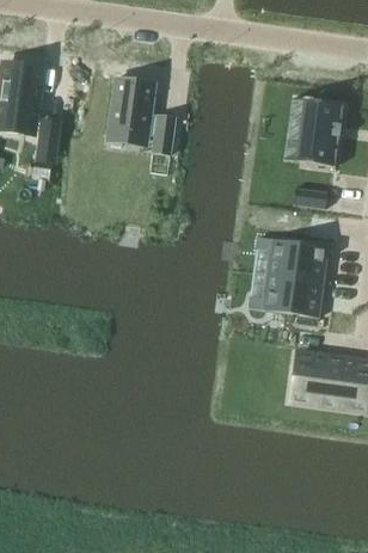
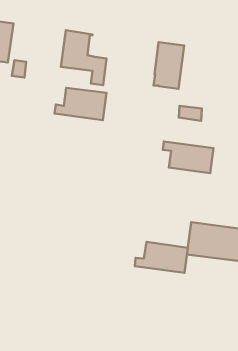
building: [298,98,342,165] -> [154,42,184,89]
building: none -> [54,88,106,120]
building: [246,272,323,317] -> [135,242,188,273]

